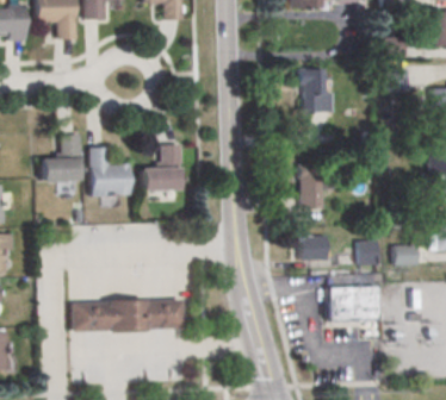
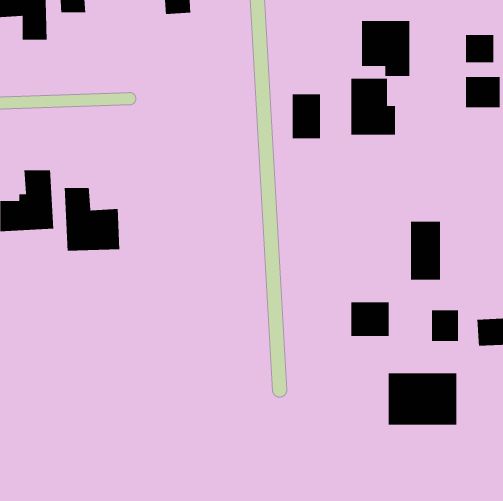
building: none -> [361,20,410,77]
building: none -> [292,94,321,139]
building: [141,145,181,192] -> none
building: [301,163,323,207] -> [410,221,441,281]
building: [72,296,184,331] -> none

